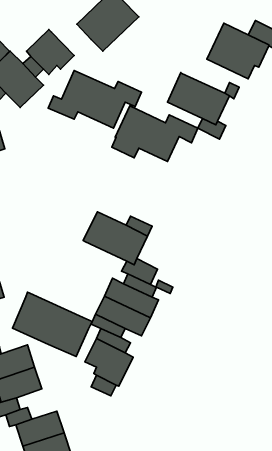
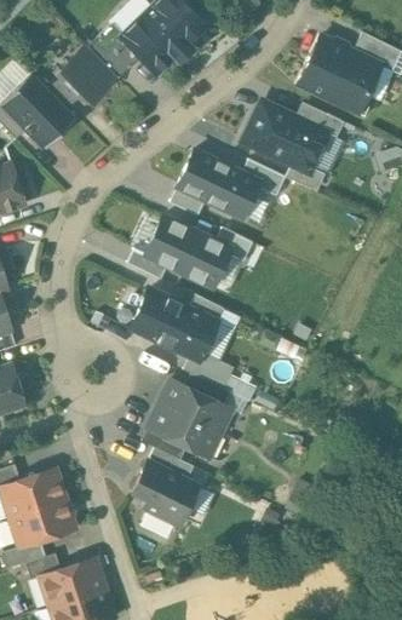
building: none -> [88,24,142,79]
building: [48,71,141,128] -> [127,213,253,291]
building: [12,292,92,357] -> none

